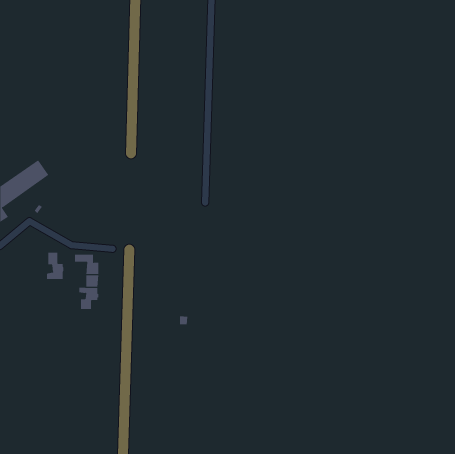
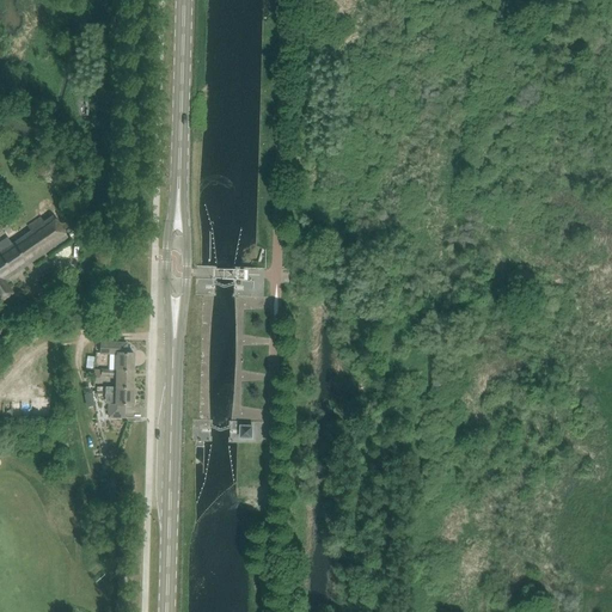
building: [46,252,64,280] -> none

